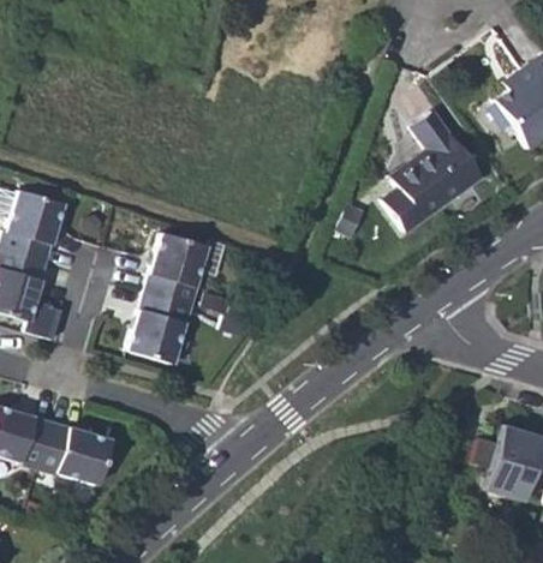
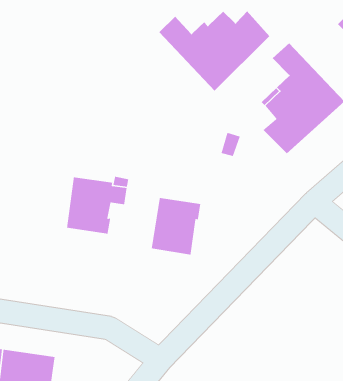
building: none -> [159,11,270,91]
building: [127,291,193,364] -> [151,197,201,256]

